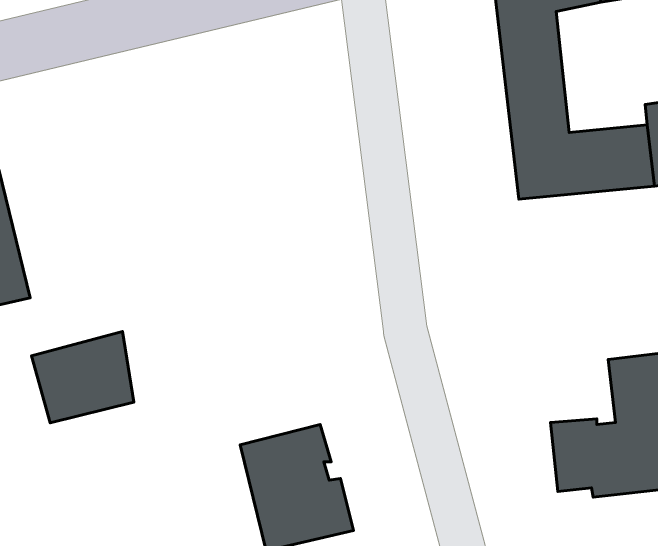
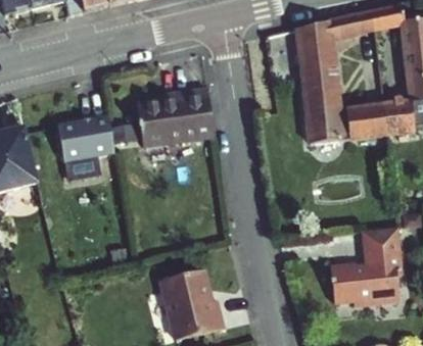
building: none -> [137,87,213,144]
building: [31,332,134,423] -> [57,114,113,164]

